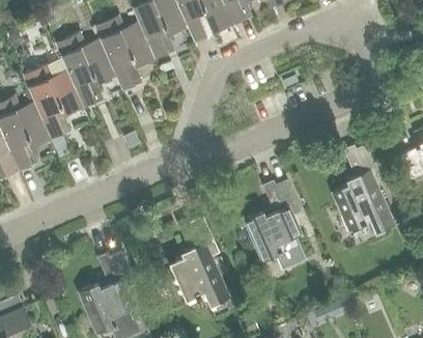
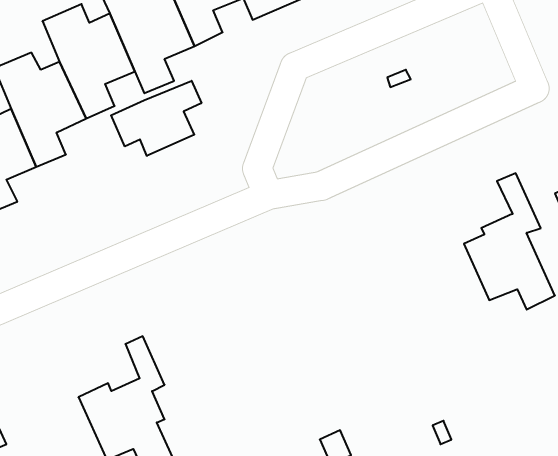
building: none -> [111,81,201,156]
building: [244,179,306,267] -> none
building: [167,217,232,317] -> none

